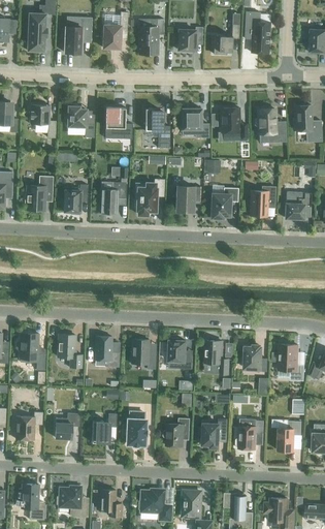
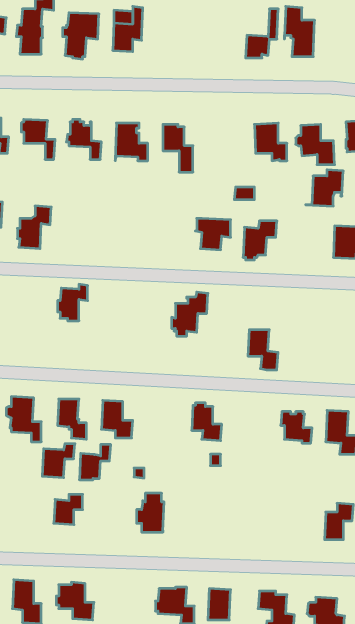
building: [139,19,163,55] -> none
building: [175,27,202,51] -> none
building: [182,108,208,137] -> none
building: [134,179,164,215] -> [172,292,208,336]
building: [100,182,126,214] -> none
building: [62,184,87,214] -> [58,284,88,321]
building: [245,186,275,216] -> [306,170,343,206]
building: [131,339,156,369] -> none
building: [204,341,229,374] -> [248,330,278,370]
building: [15,412,42,440] -> [42,444,75,478]
building: [91,413,117,442] -> [79,445,111,480]
building: [162,418,190,446] -> none
building: [199,419,227,447] -> none
building: [235,421,263,449] -> none
building: [100,490,121,516] -> none

